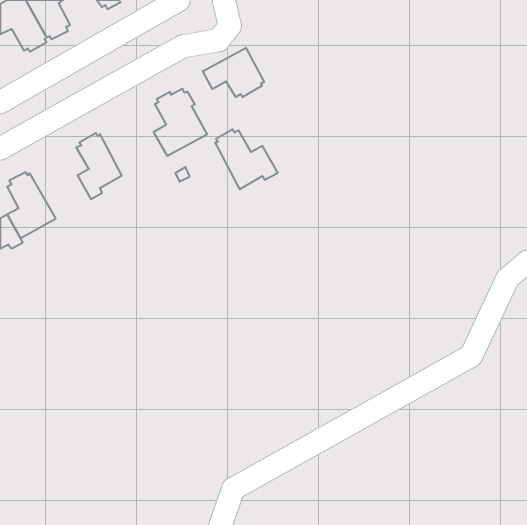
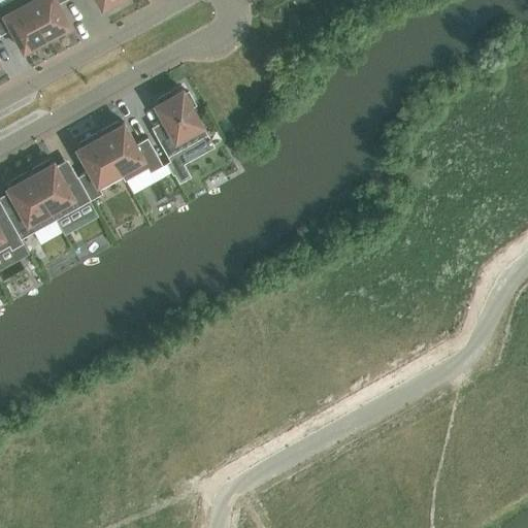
building: [203,48,264,97] -> none
building: [215,129,278,189] -> [100,123,163,183]
building: none -> [30,162,91,221]

